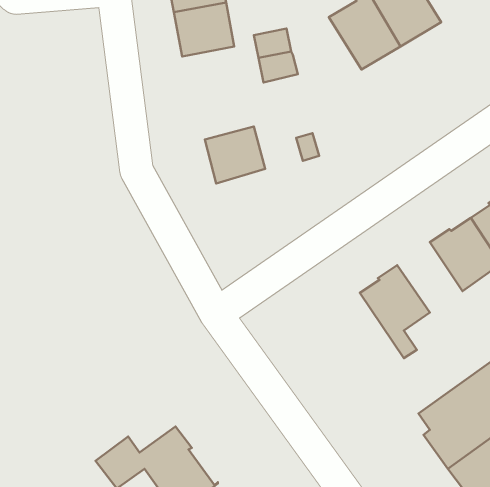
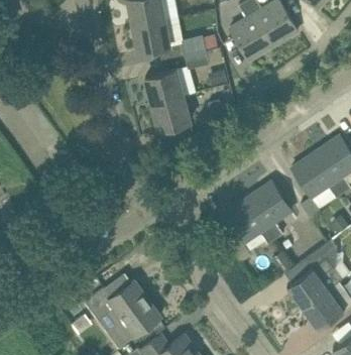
building: none -> [144,70,182,104]
building: none -> [223,199,274,244]

